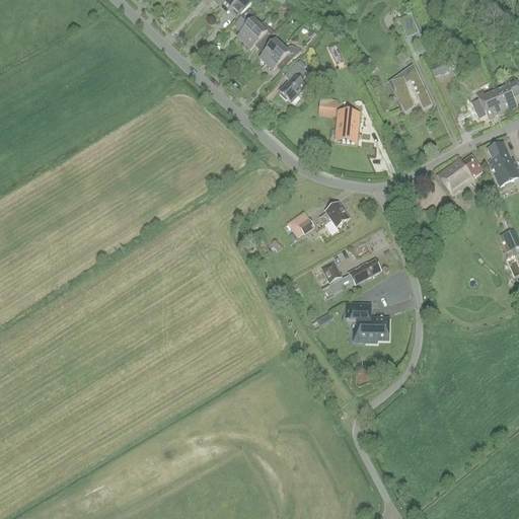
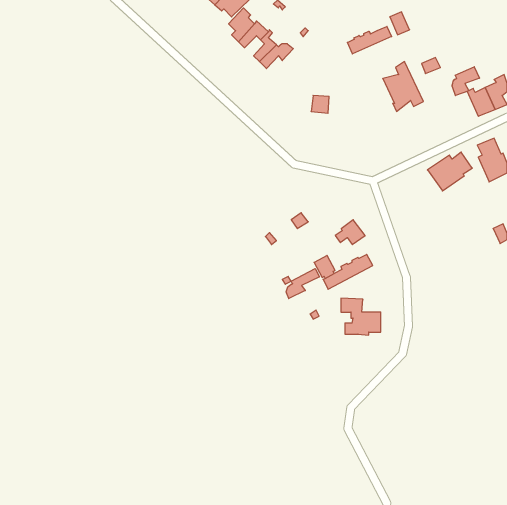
building: none -> [347,26,392,54]
building: [279,61,307,101] -> none
building: none -> [452,67,479,96]
building: [335,110,358,141] -> none
building: [318,202,349,227] -> [335,220,365,245]
building: none -> [286,269,319,299]

